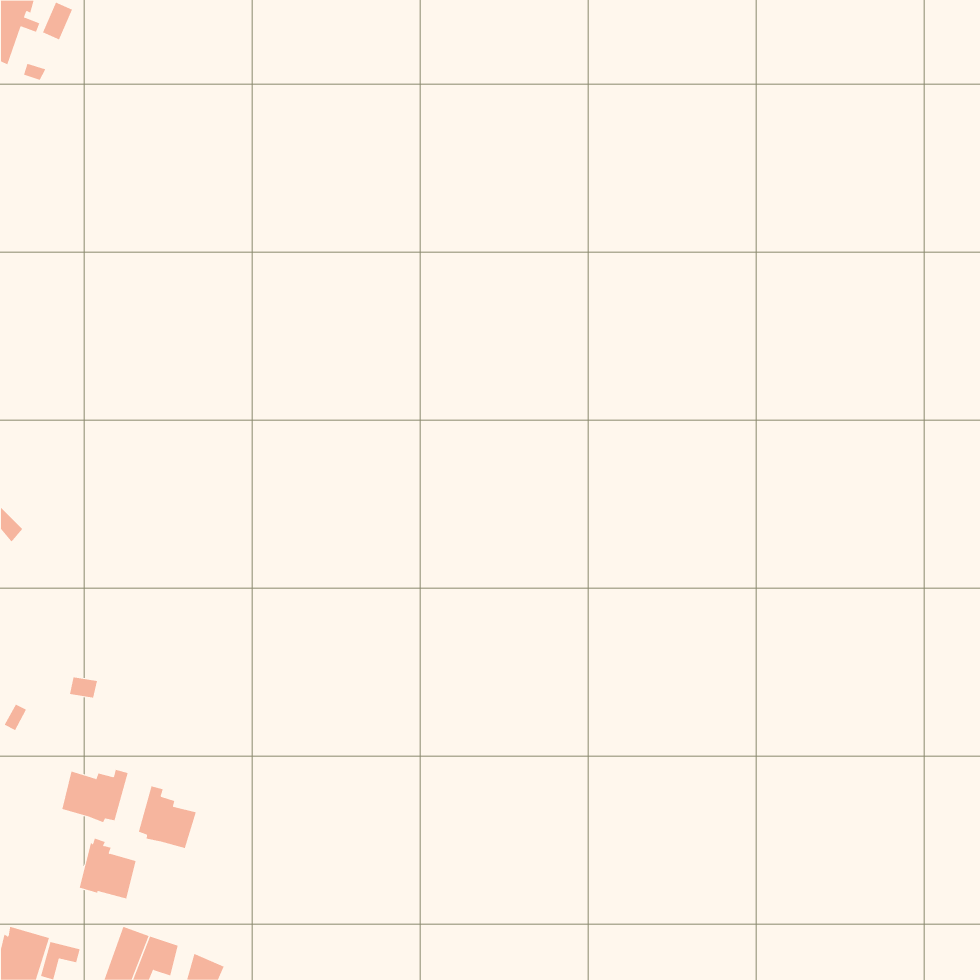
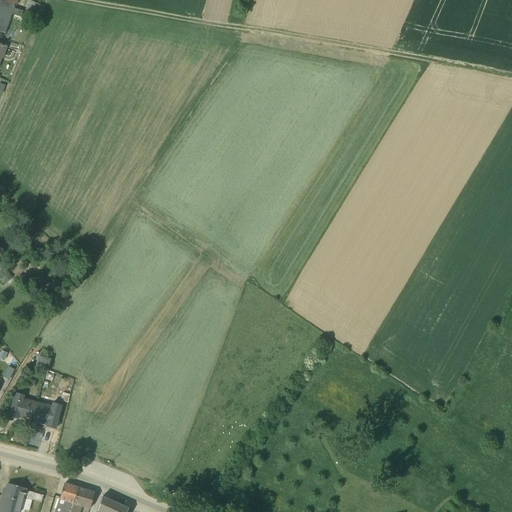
building: [138,785,197,849] -> none
building: [79,838,136,899] -> [7,390,37,422]

